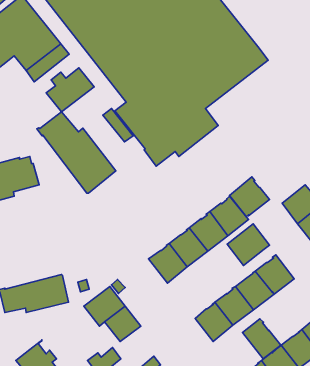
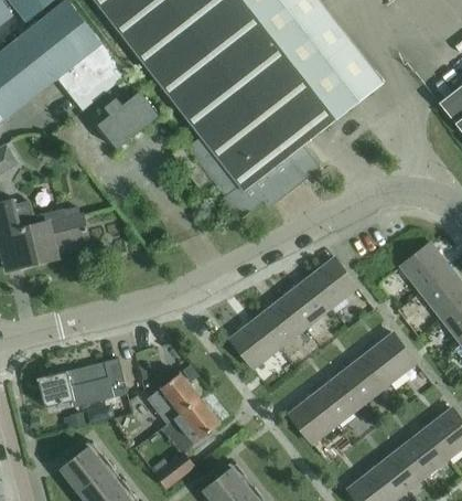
building: [37,112,116,193] -> none
building: [229,177,269,217] -> none
building: [227,224,270,266] -> none
building: [242,319,281,359] -> none

